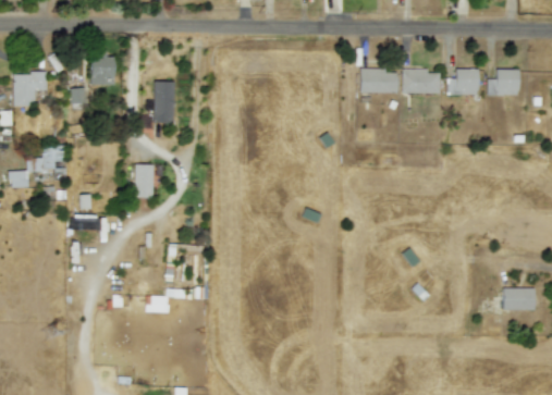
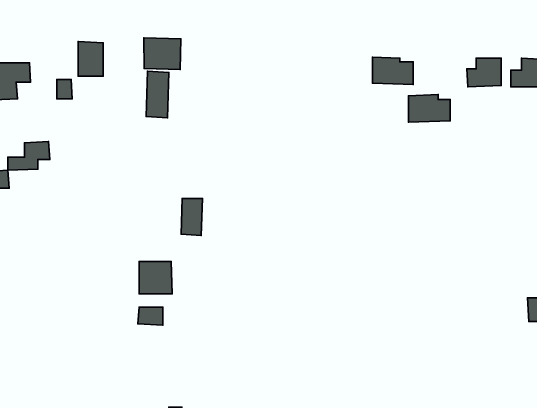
building: none -> [144,38,181,69]
building: [402,69,440,94] -> [408,95,450,122]
building: [134,164,154,198] -> [181,198,203,235]
building: none -> [139,262,172,294]

